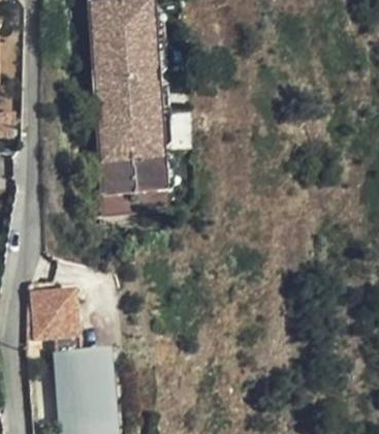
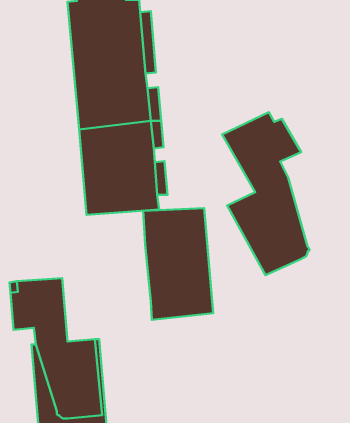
building: none -> [222,112,309,275]
building: none -> [143,208,213,320]

